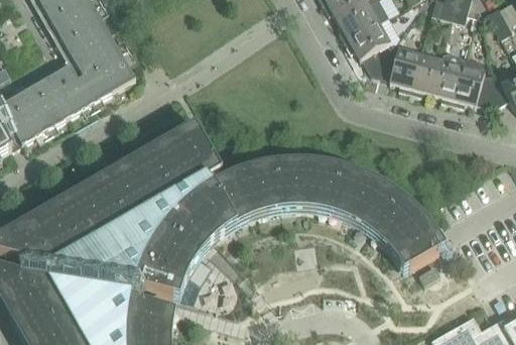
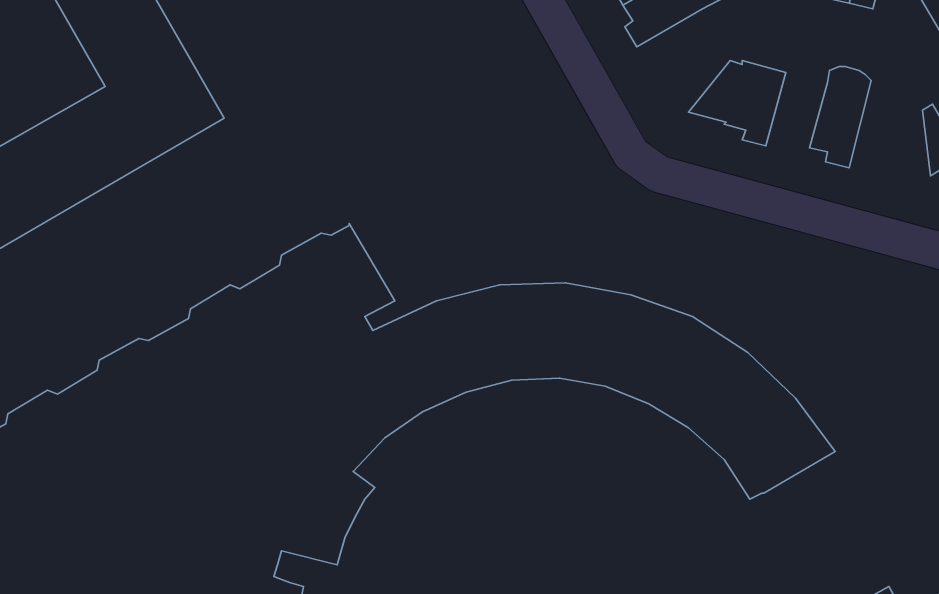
building: [344,21,391,74] -> none
building: [409,53,440,94] -> none
building: [452,55,493,106] -> none

